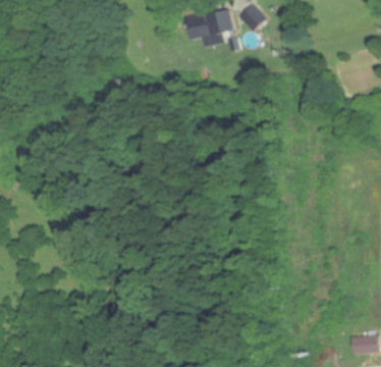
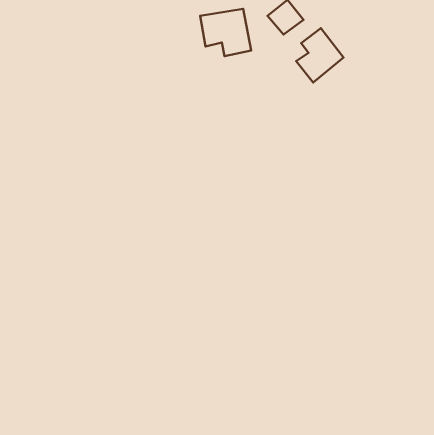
building: none -> [296,28,343,83]

